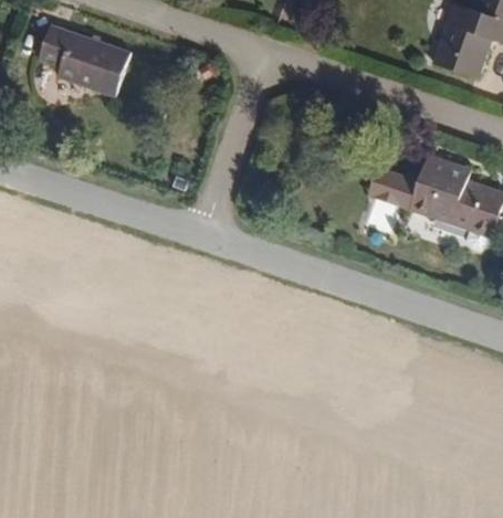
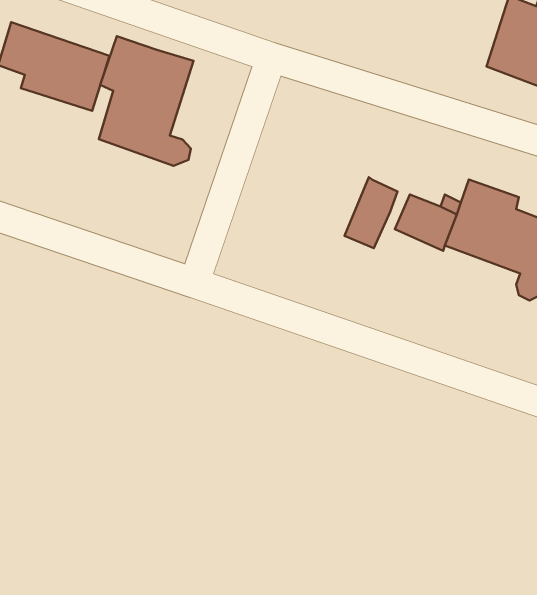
building: none -> [99,36,193,166]
building: none -> [345,177,398,248]

